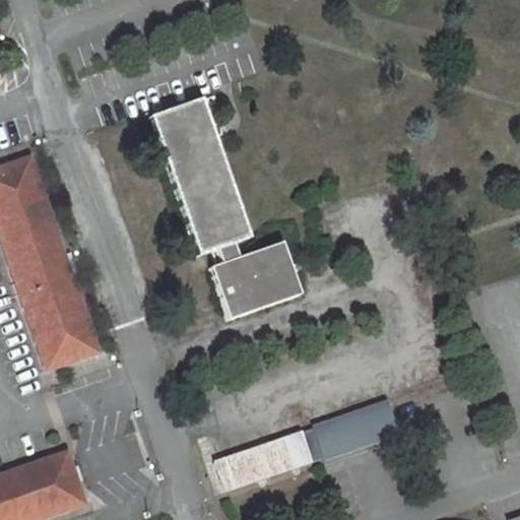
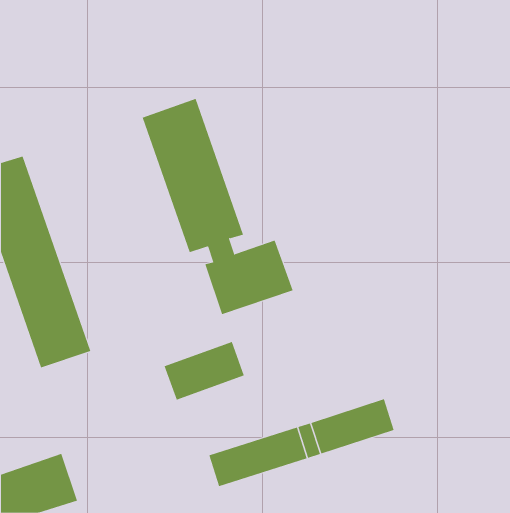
building: none -> [164,341,245,400]

